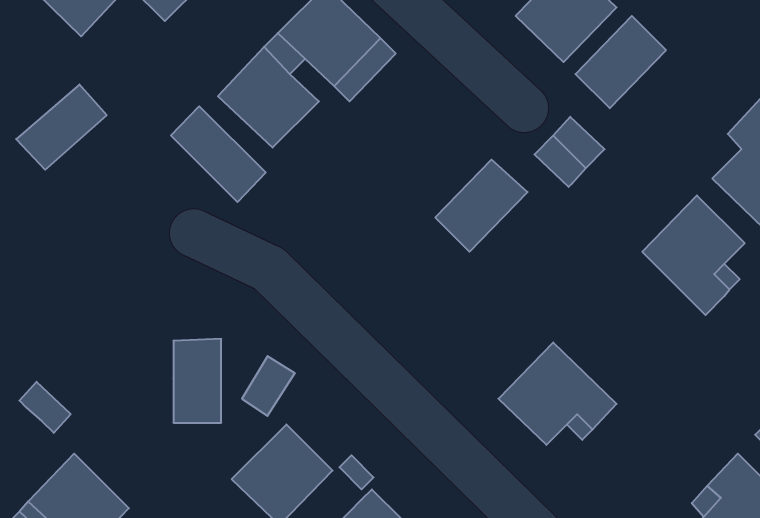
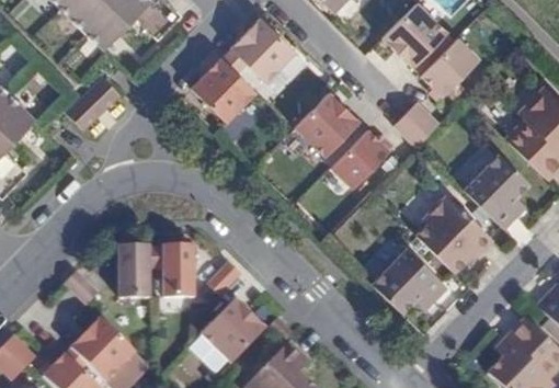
building: none -> [296,90,360,156]
building: [171,106,266,202] -> none
building: none -> [417,193,494,272]
building: none -> [118,244,150,298]

